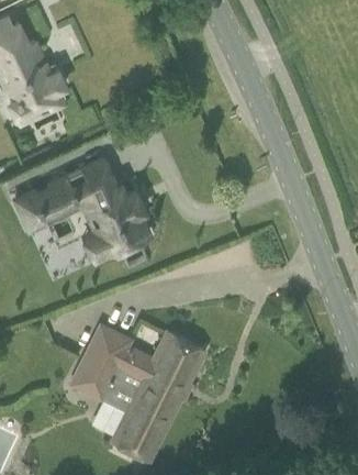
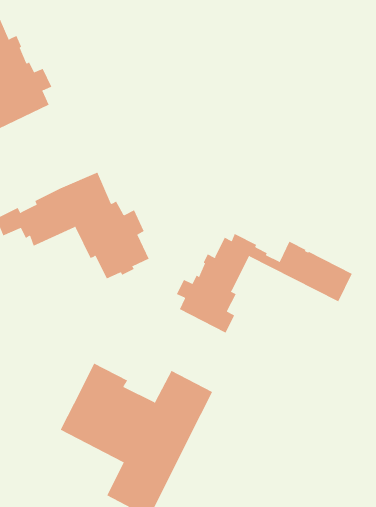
building: none -> [176,233,353,333]

